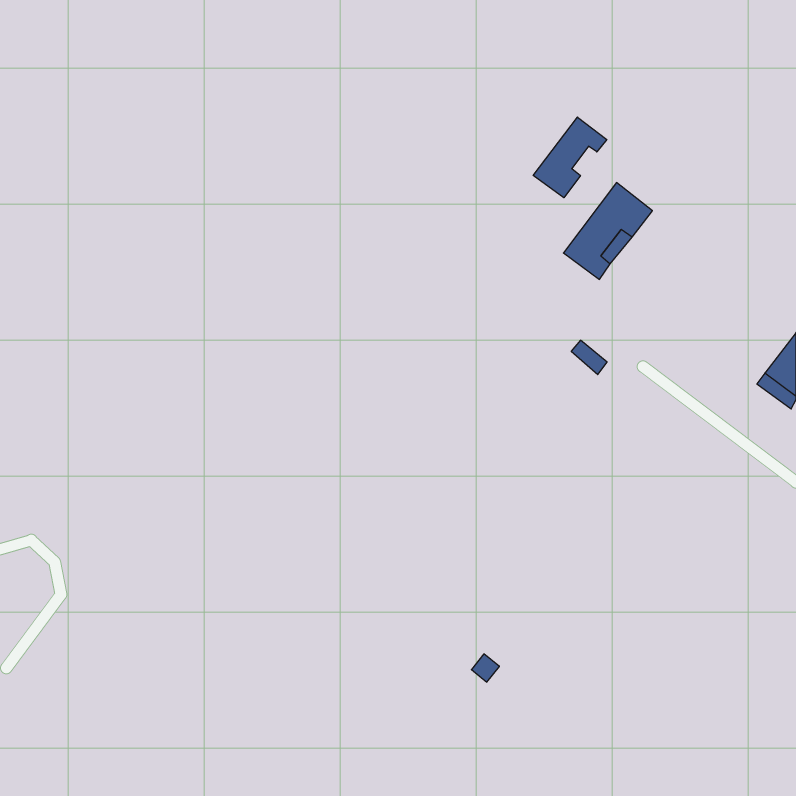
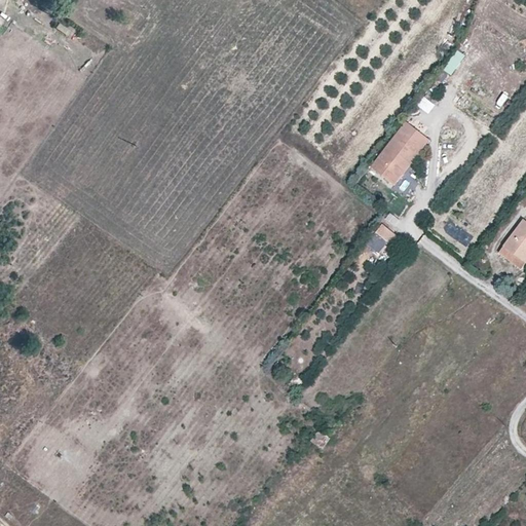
building: [533,117,607,198] -> none

